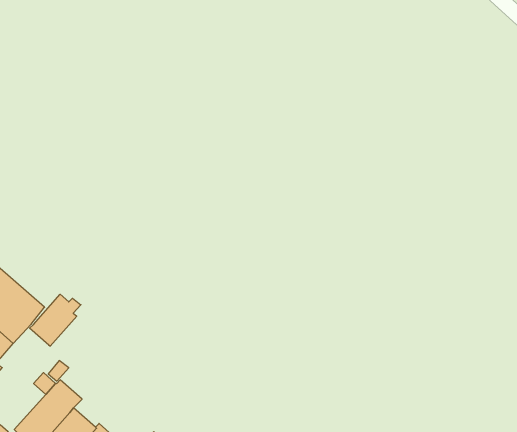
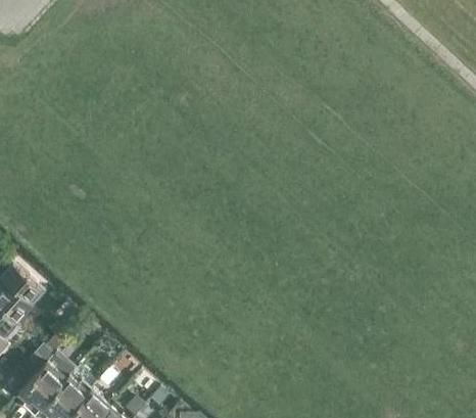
building: [30,294,81,346] -> none

